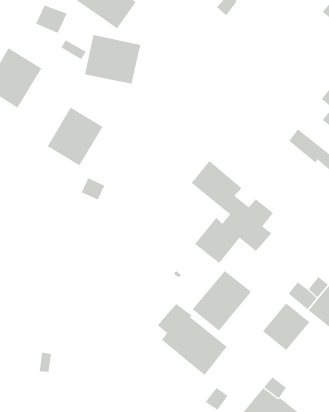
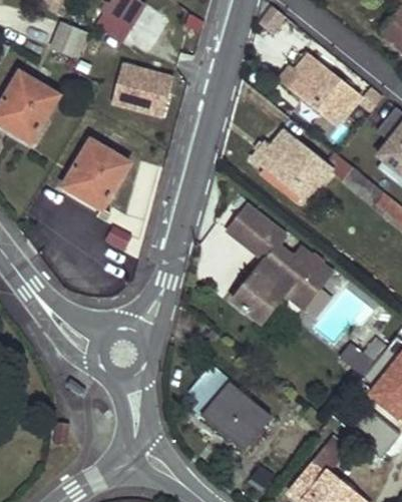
building: none -> [281,55,360,124]
building: none -> [254,130,332,198]
building: [192,270,252,331] -> none
building: [262,302,310,351] -> none

